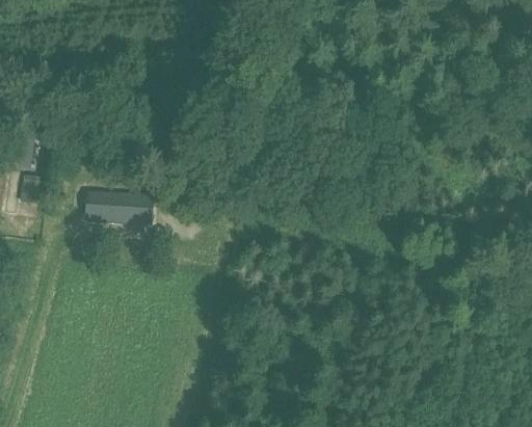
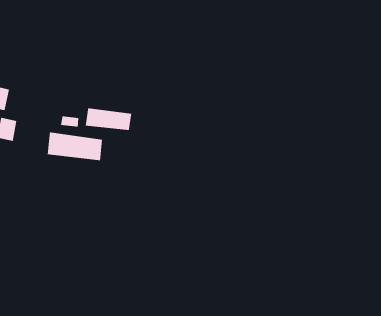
building: none -> [85,108,132,131]

